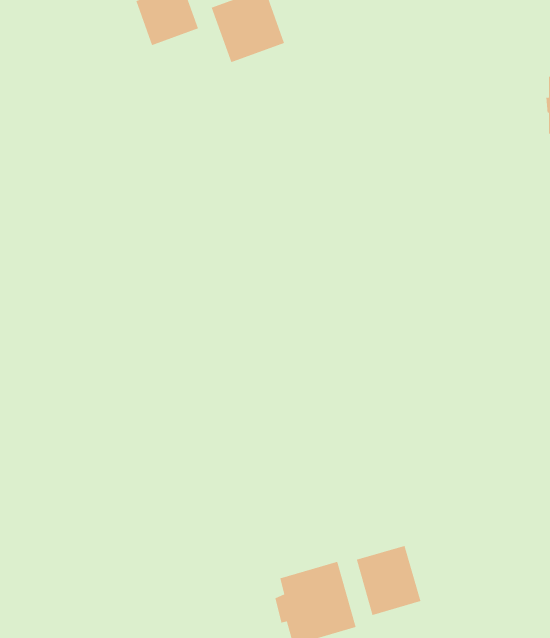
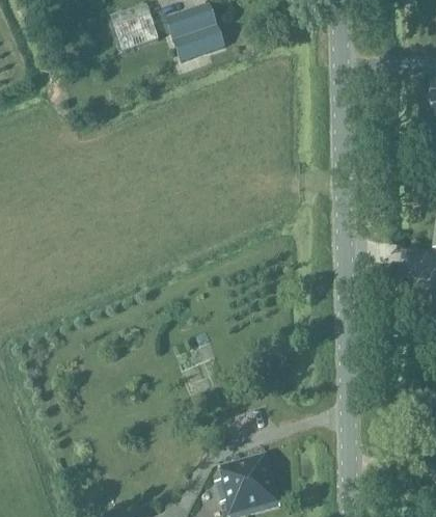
building: [356,545,421,616] -> none

